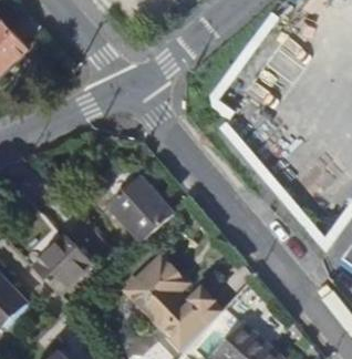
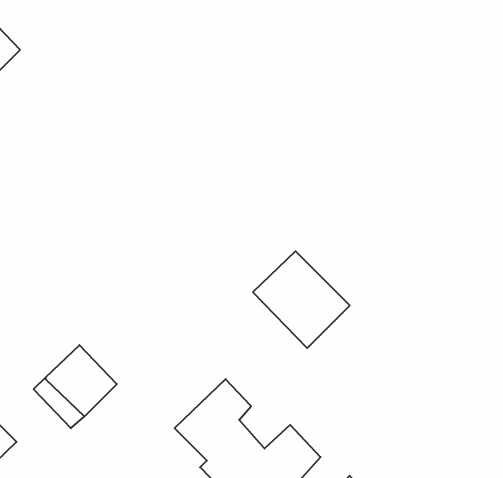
building: [107,181,170,244] -> [253,251,350,348]

